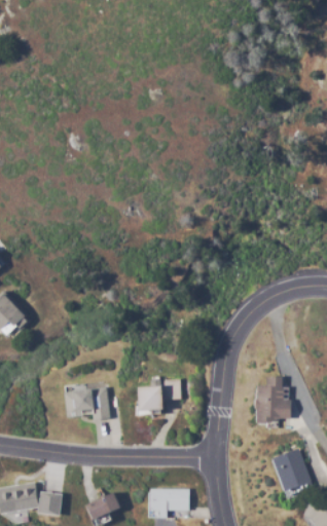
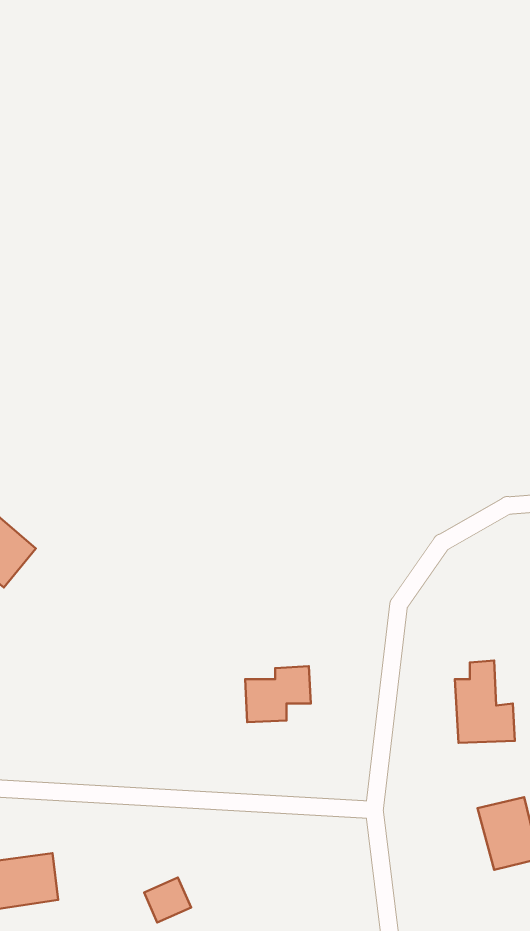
building: [64,388,108,420] -> none
building: [151,488,189,519] -> none
building: [39,492,63,516] -> none

